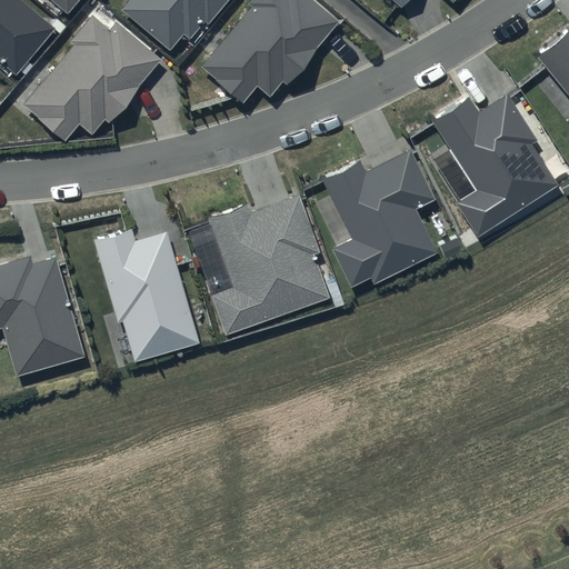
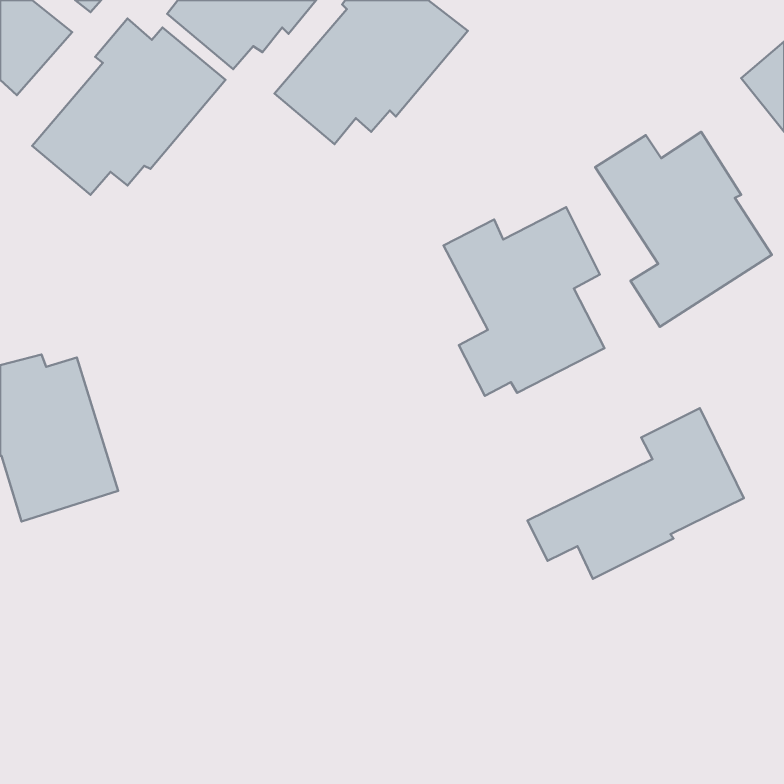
building: [207,196,329,336] -> none
building: [93,228,200,362] -> none
building: none -> [528,408,744,579]

